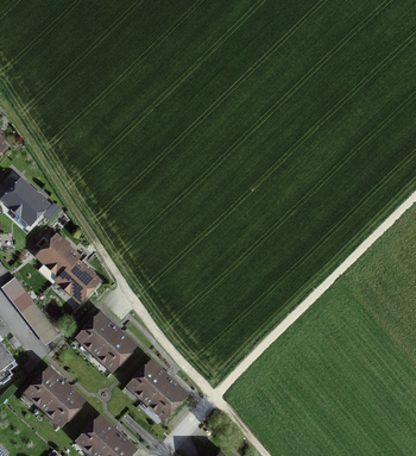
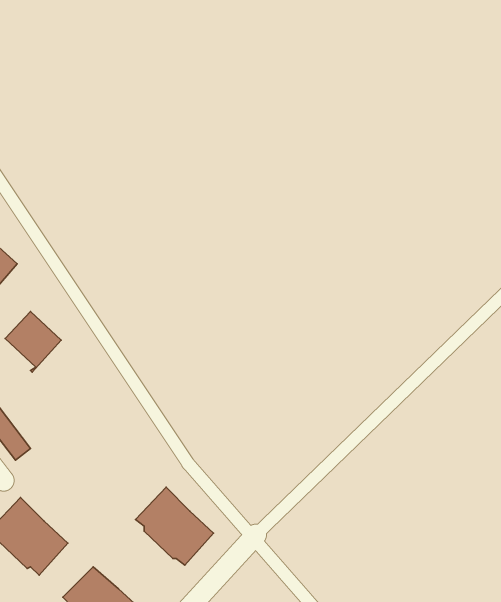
building: [57,257,96,300] -> none
building: [78,313,134,368] -> none

